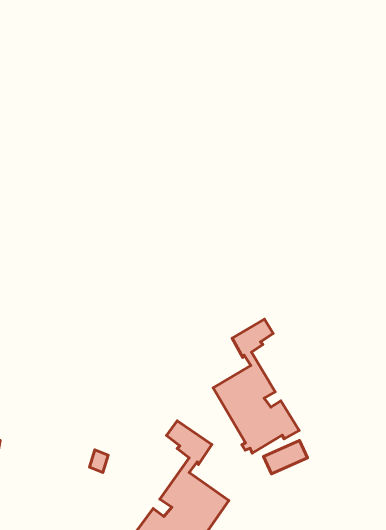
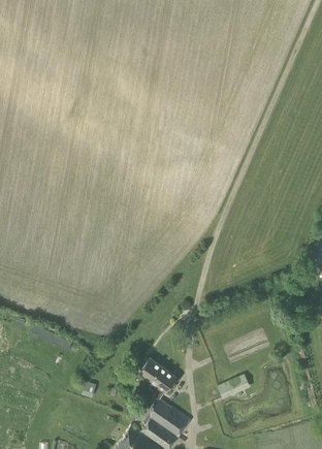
building: [213,319,299,453] -> none

